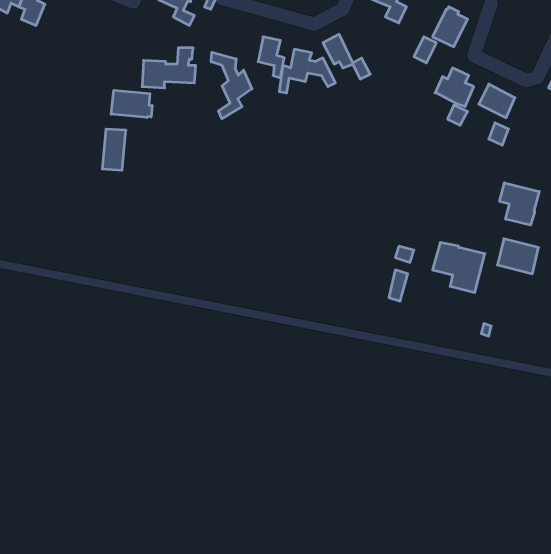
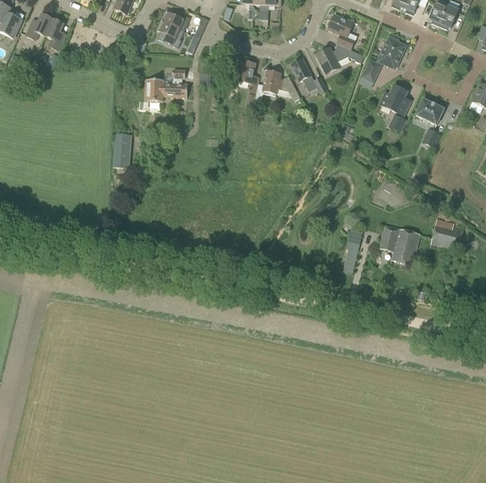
building: none -> [316,43,364,73]
building: [211,52,252,119] -> none
building: [111,90,152,118] -> none
building: [500,183,539,225] -> none

